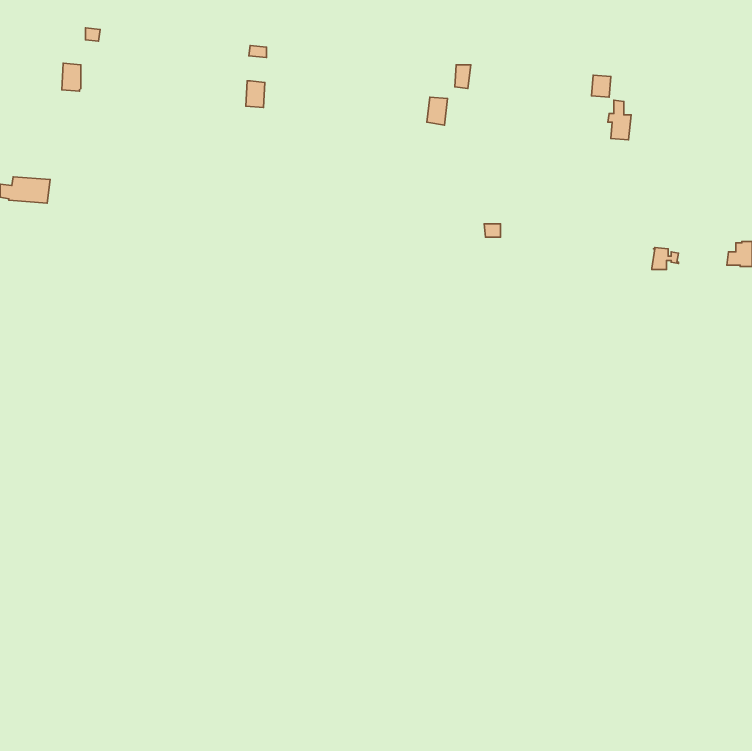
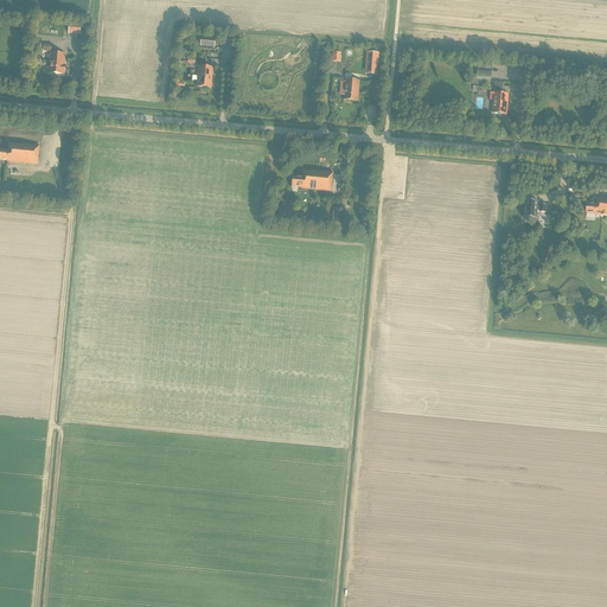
building: none -> [292,168,333,191]

